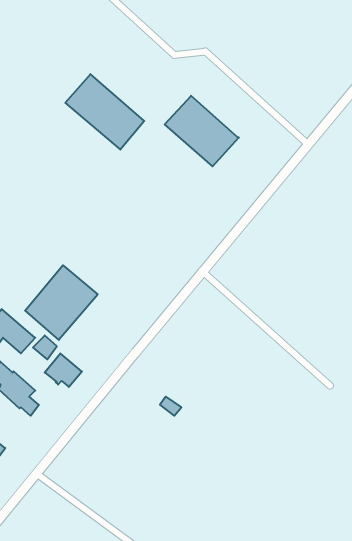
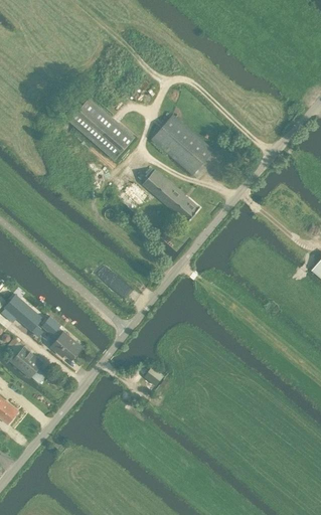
building: none -> [143,171,196,220]
building: [25,265,98,340] -> none

